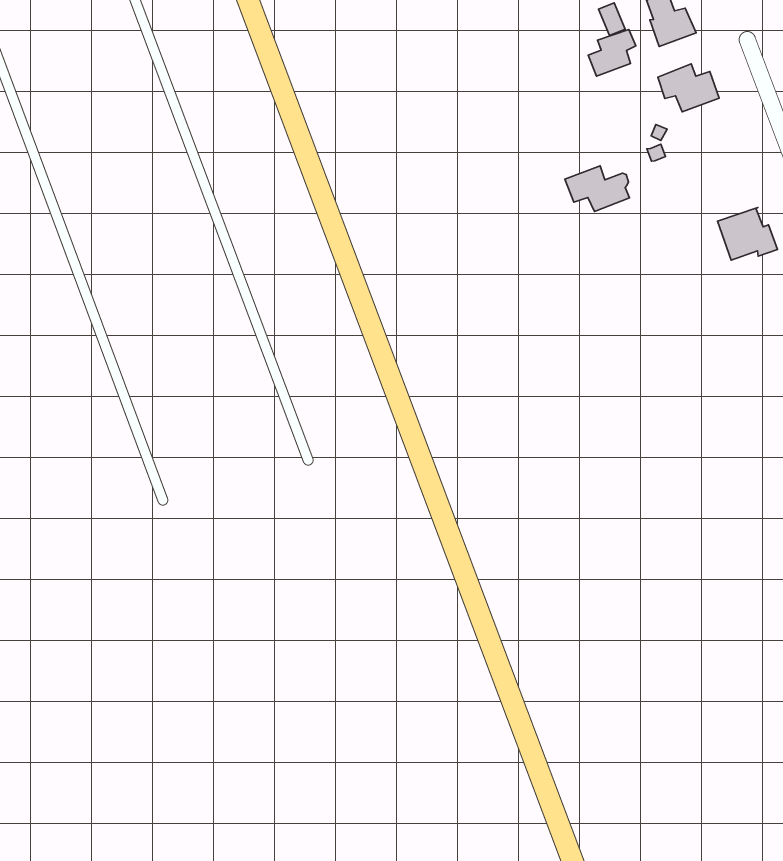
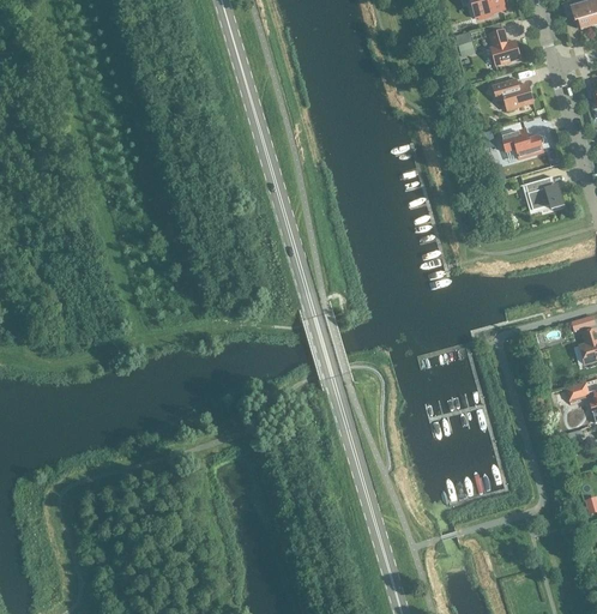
building: [588,29,636,76] -> none
building: [565,166,630,211] -> [501,127,543,157]

